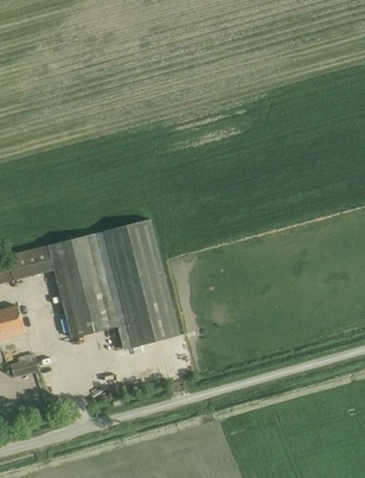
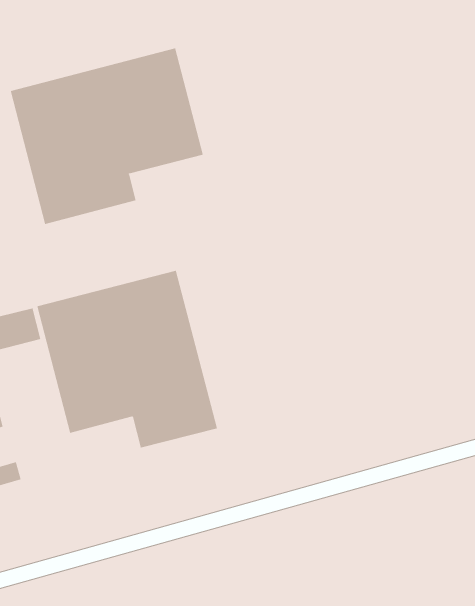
building: none -> [10,48,204,225]

